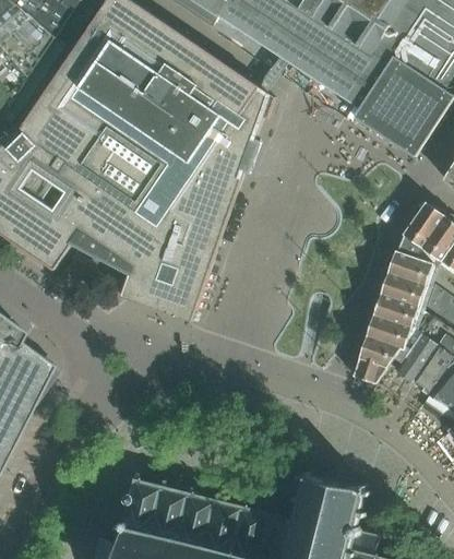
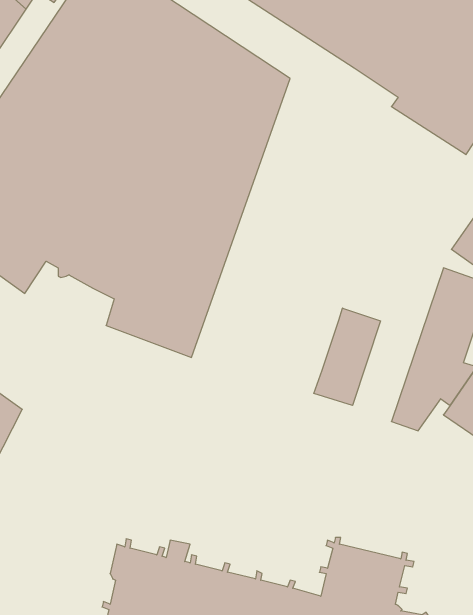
building: none -> [314,308,380,405]

